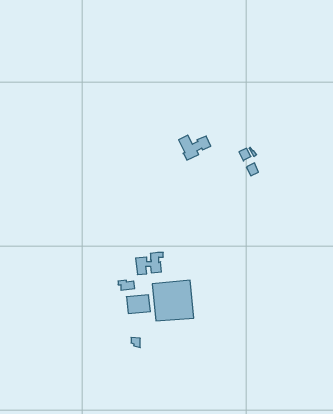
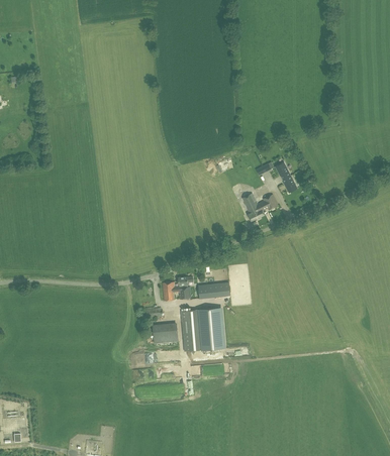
building: [179,135,211,160] -> [241,194,277,221]
building: none -> [197,281,229,299]

